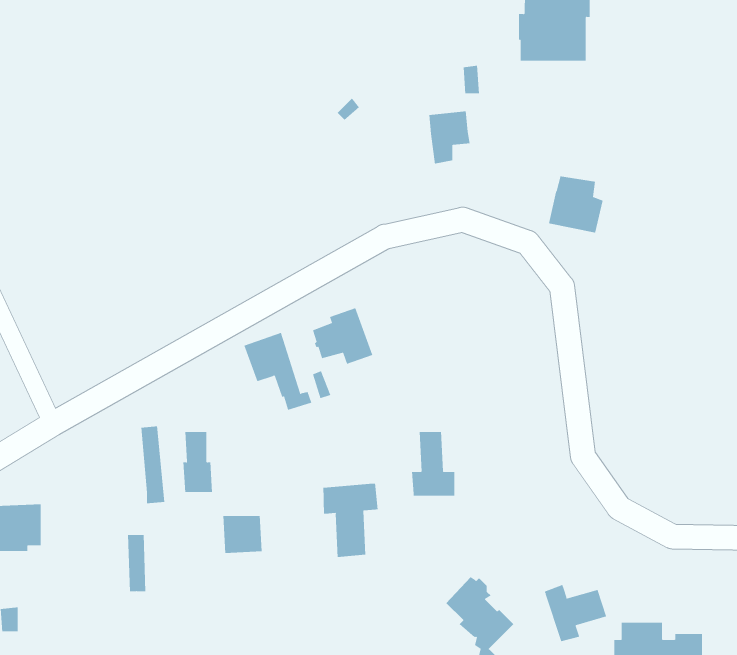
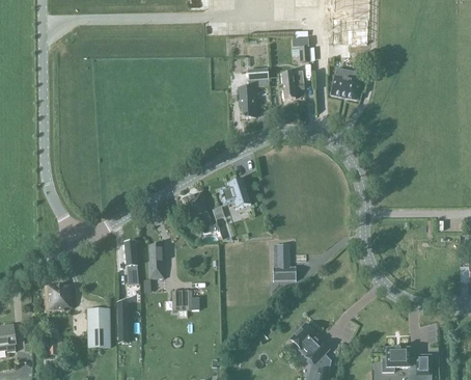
building: none -> [238,67,269,116]
building: [548,176,604,233] -> [330,67,360,99]
building: [323,483,378,558] -> none
building: none -> [87,307,109,347]
building: [544,584,607,642] -> none

